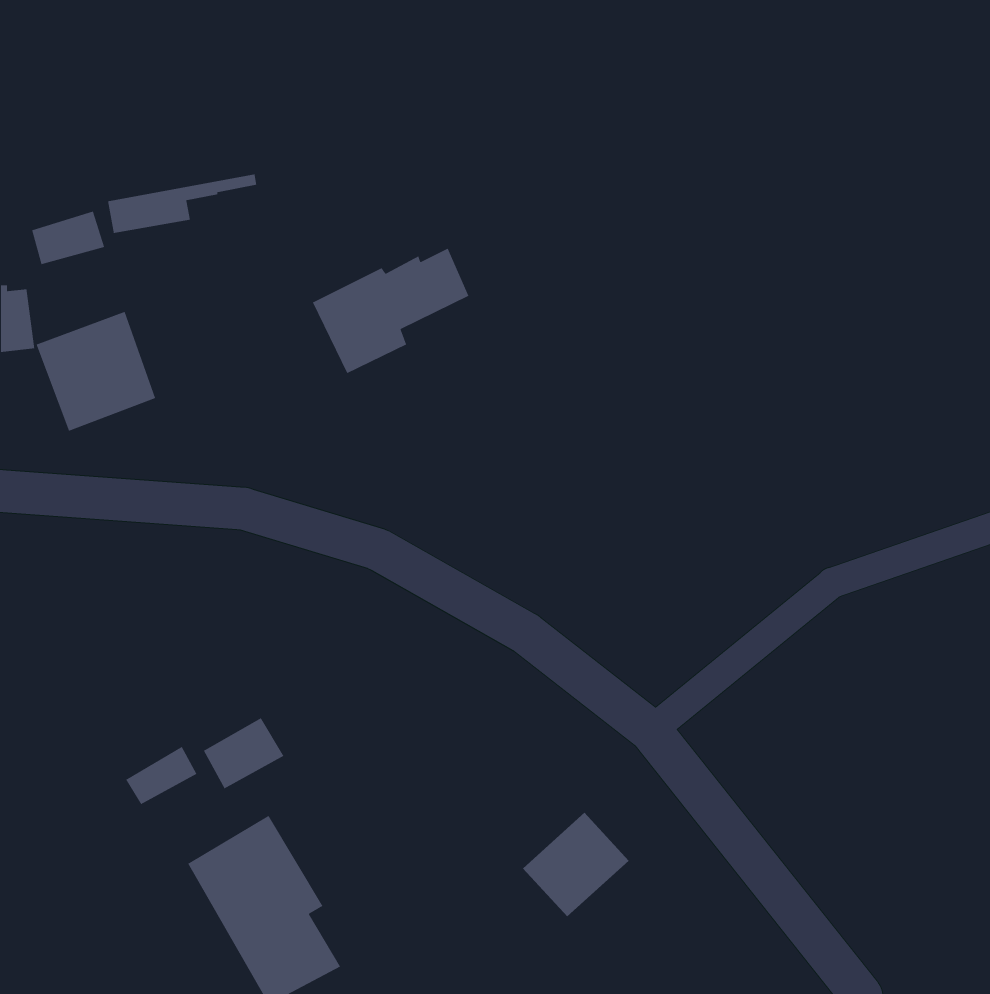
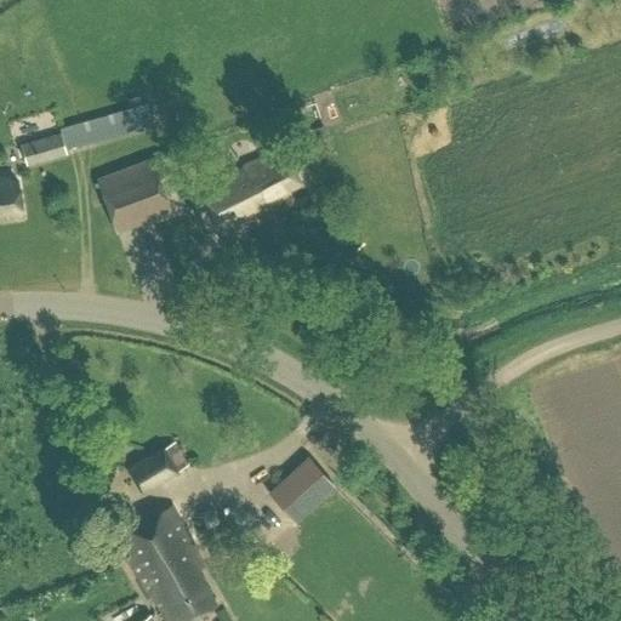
building: [35,311,156,432] -> [98,158,173,233]
building: [125,746,198,805] -> none
building: [522,812,629,917] -> [270,456,337,522]

